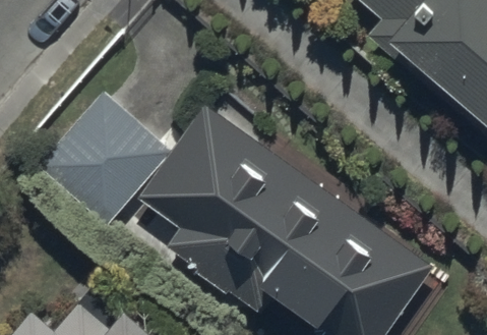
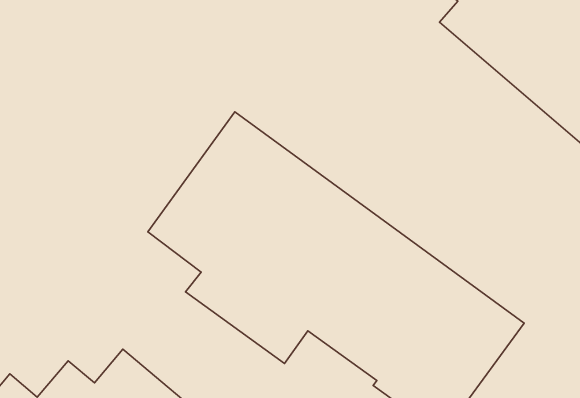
building: [38,92,169,222] -> none

